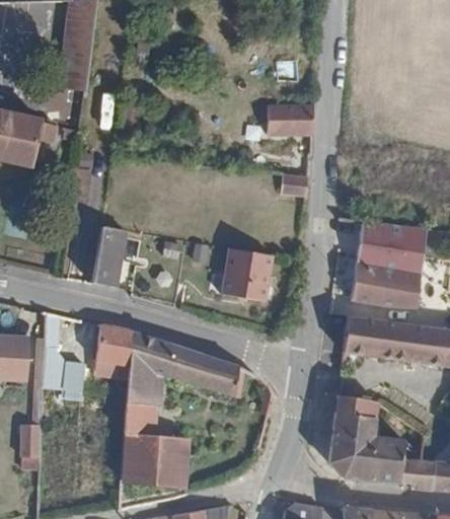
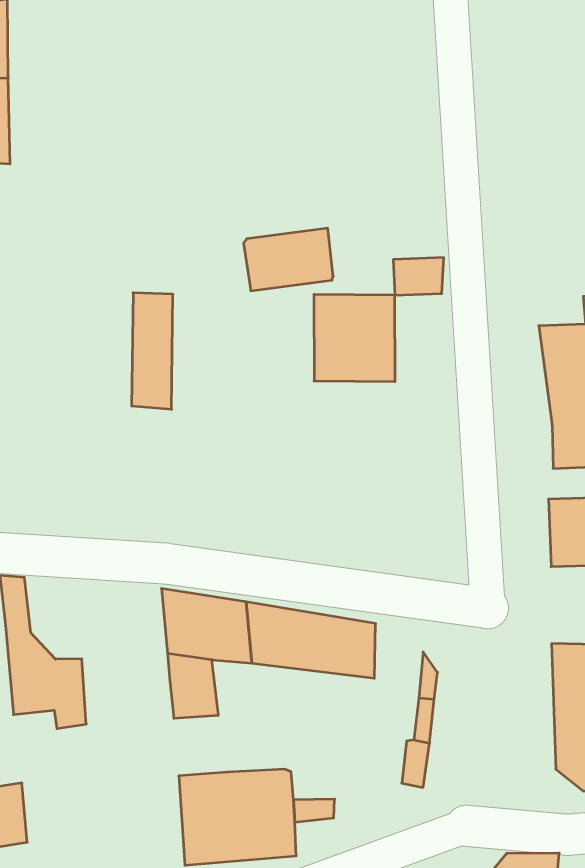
building: [269,104,315,134] -> [244,228,333,291]
building: [91,227,123,293] -> [132,293,173,409]
building: [220,248,271,302] -> [314,294,395,382]
building: [96,325,132,383] -> none
building: [126,403,154,437] -> none

